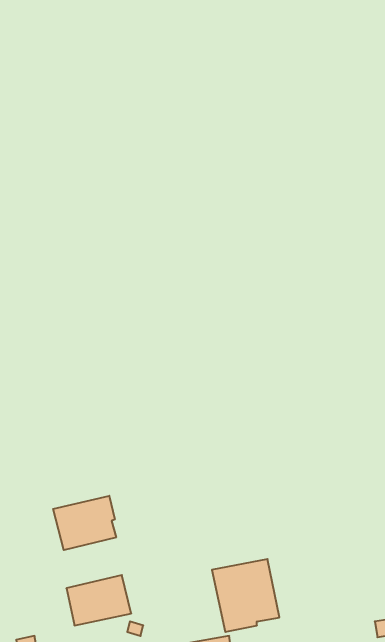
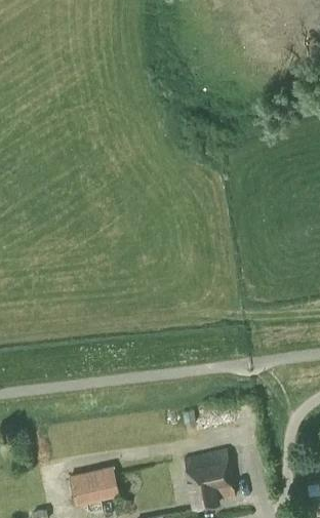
building: [53,496,116,550] -> none

